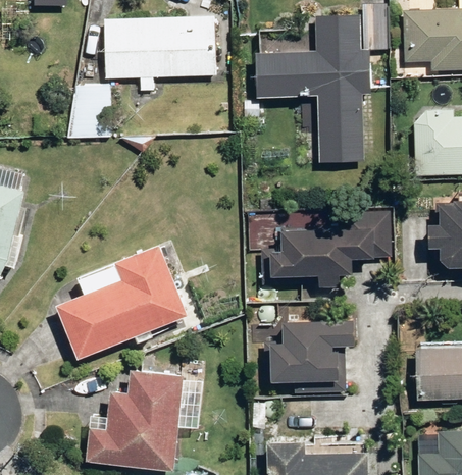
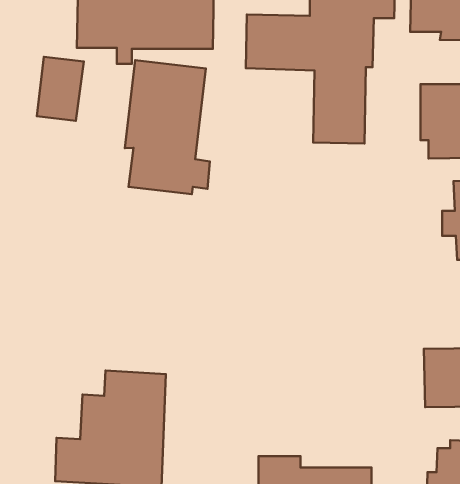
building: none -> [125,60,210,194]
building: [261,211,394,289] -> none
building: [55,245,186,358] -> none
building: [271,320,354,381] -> none

